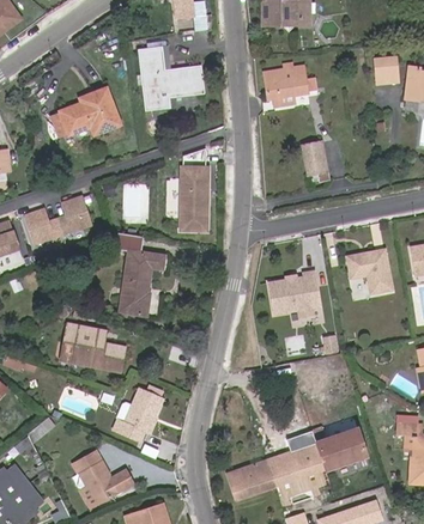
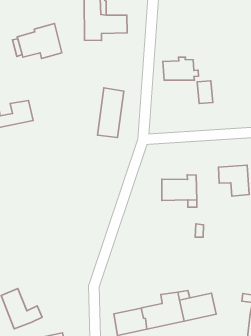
building: [264,62,314,97] -> [163,57,198,80]
building: [115,232,164,315] -> none
building: [71,325,126,373] -> none
building: [114,389,164,440] -> none

